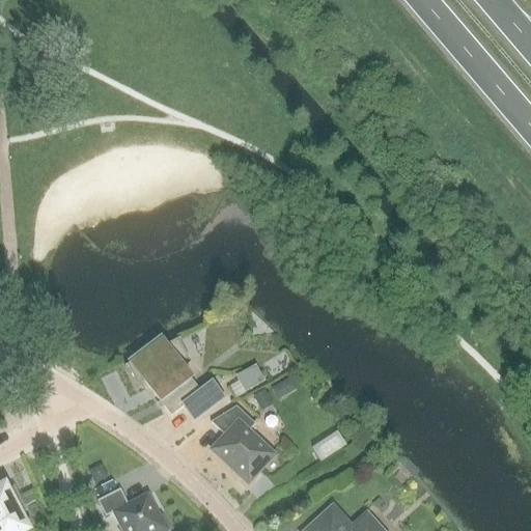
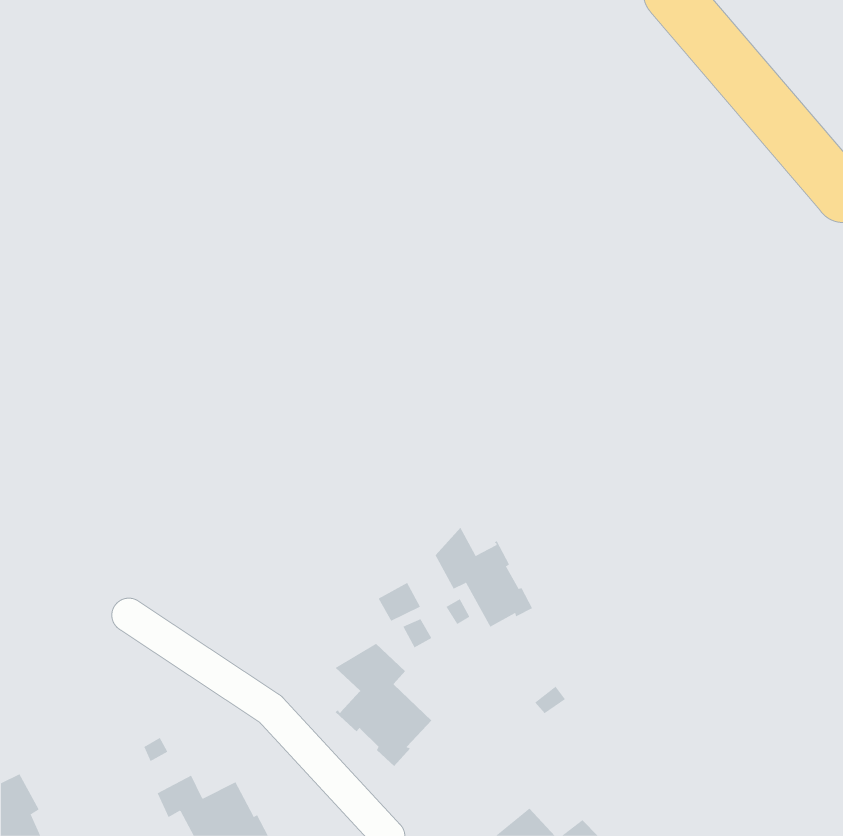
building: none -> [435,527,533,627]
building: [125,336,224,418] -> none

